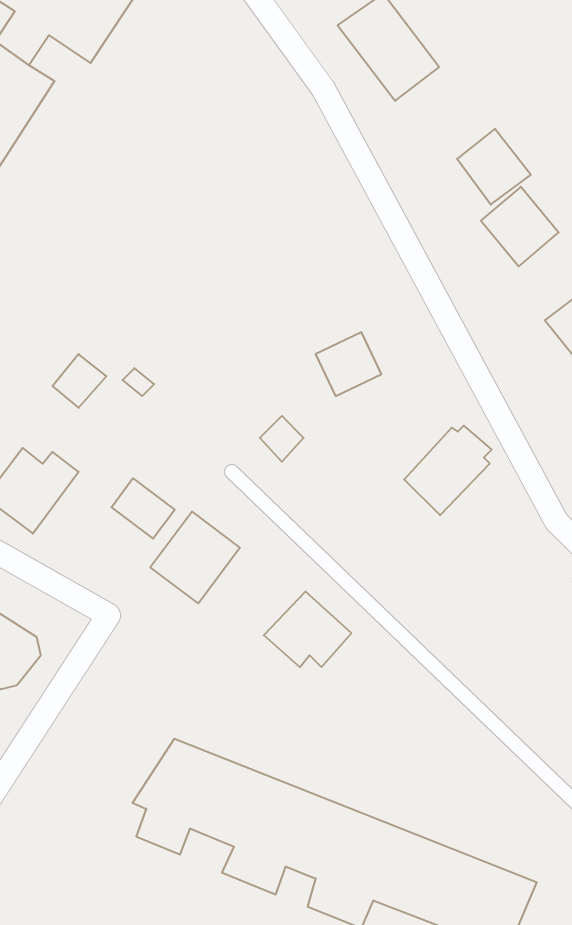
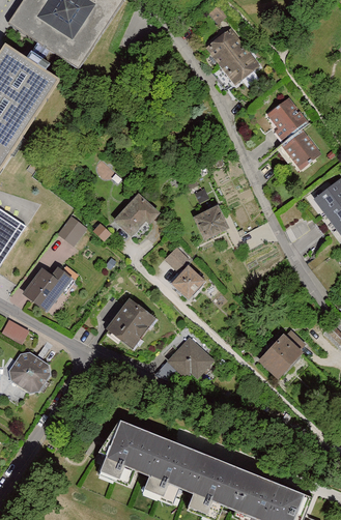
building: none -> [115,193,160,235]
building: [404,426,492,515] -> [259,333,305,379]
building: none -> [173,266,205,298]
building: [111,478,175,539] -> none

